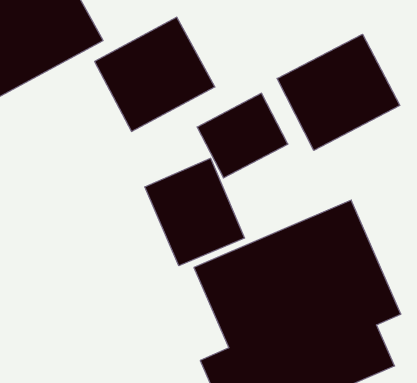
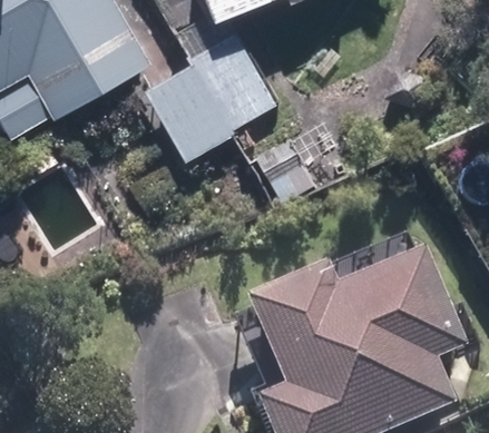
building: [277,34,400,150] -> none
building: [145,158,244,266] -> none

